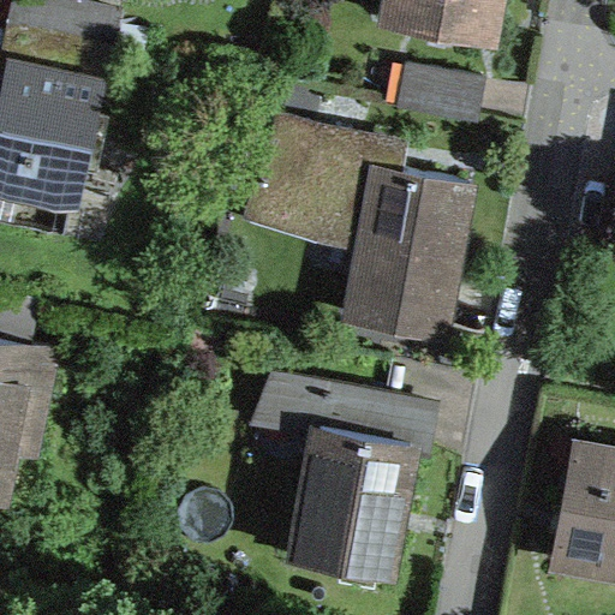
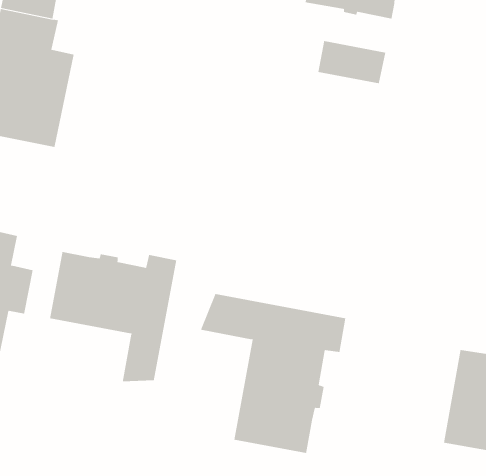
building: [249,127,471,342] -> none
building: none -> [50,251,177,382]

